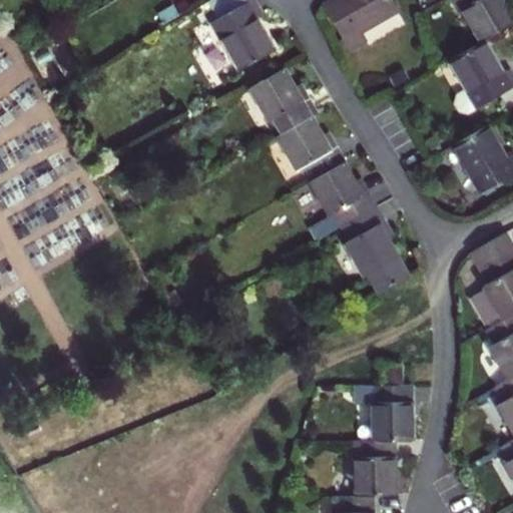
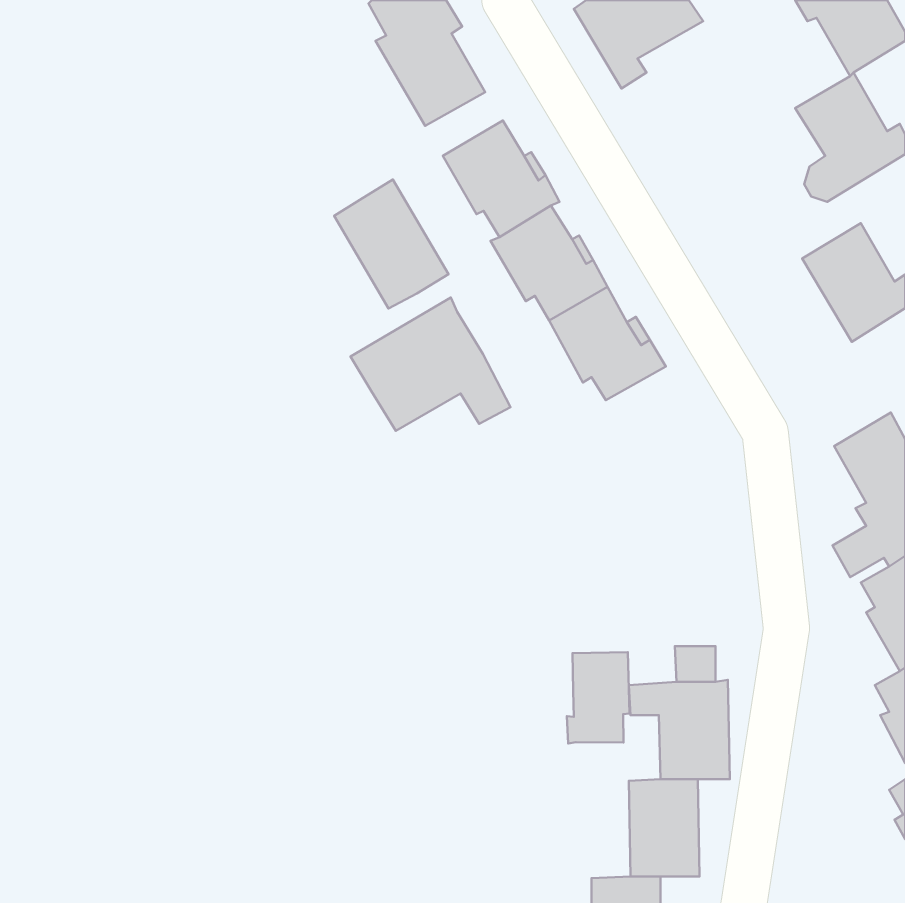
building: none -> [334,180,448,309]
building: none -> [350,298,511,431]
building: [343,208,410,296] -> none
building: none -> [567,652,629,743]

